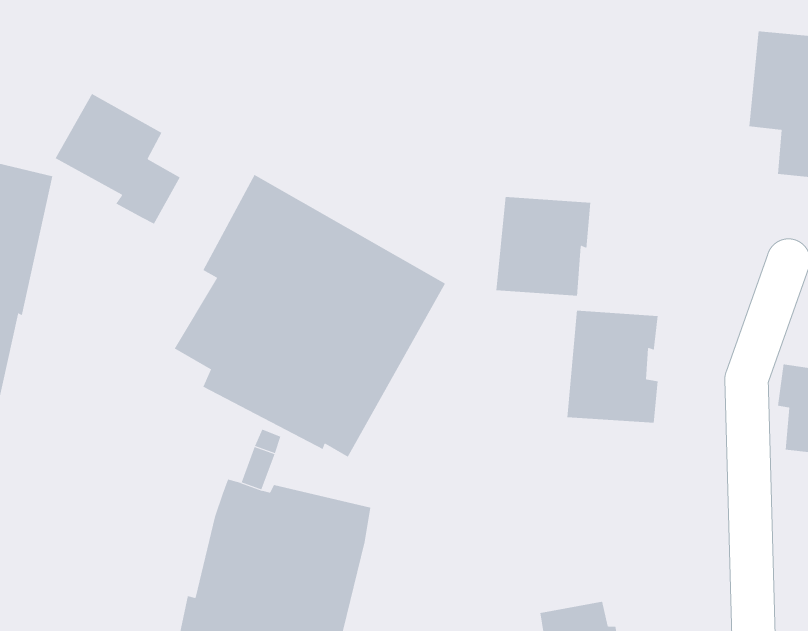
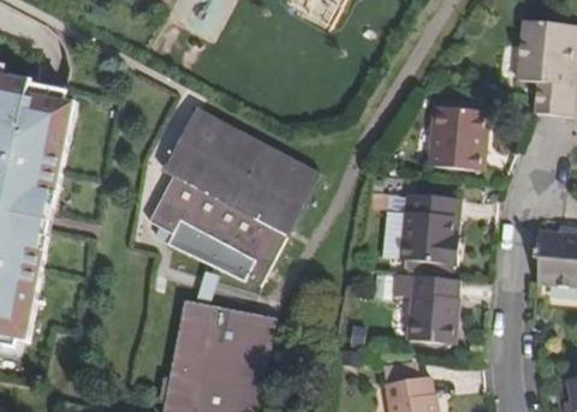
building: [55,93,180,224] -> none
building: [495,197,591,296] -> [426,108,486,171]
building: none -> [406,276,458,346]

